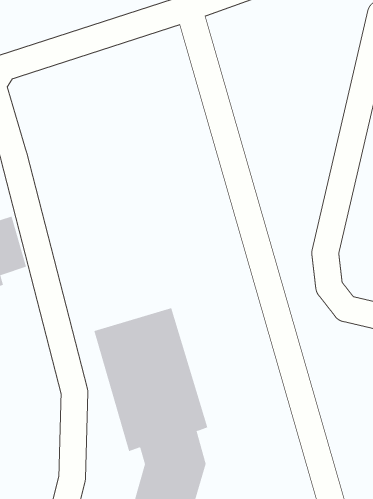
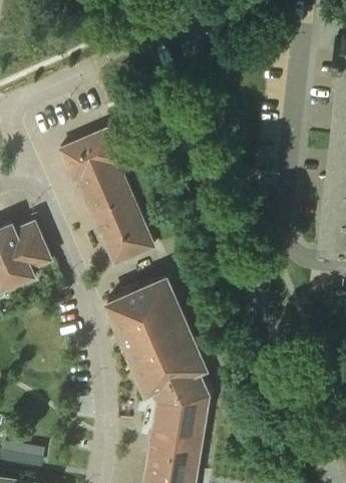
building: none -> [60,130,153,265]

